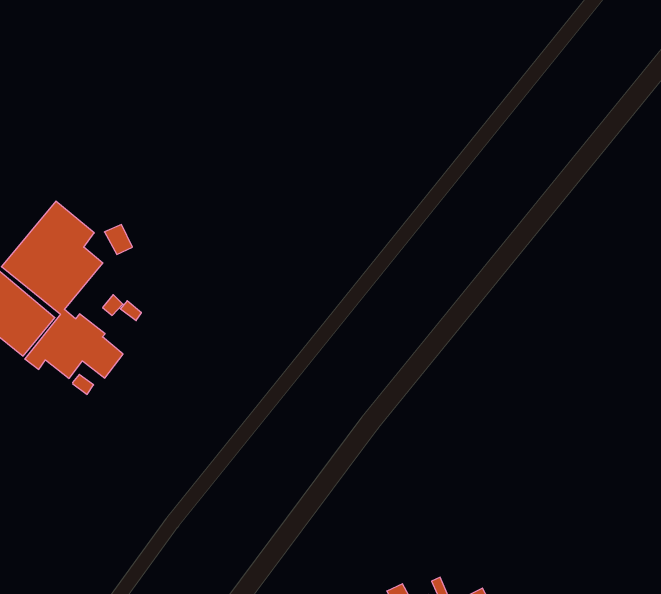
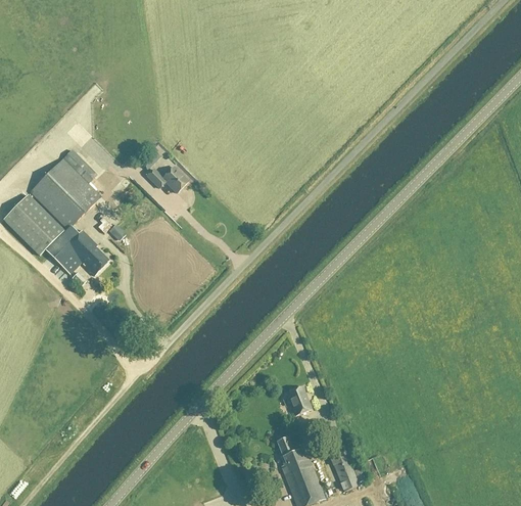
building: none -> [146,167,187,192]
building: none -> [285,386,311,415]

